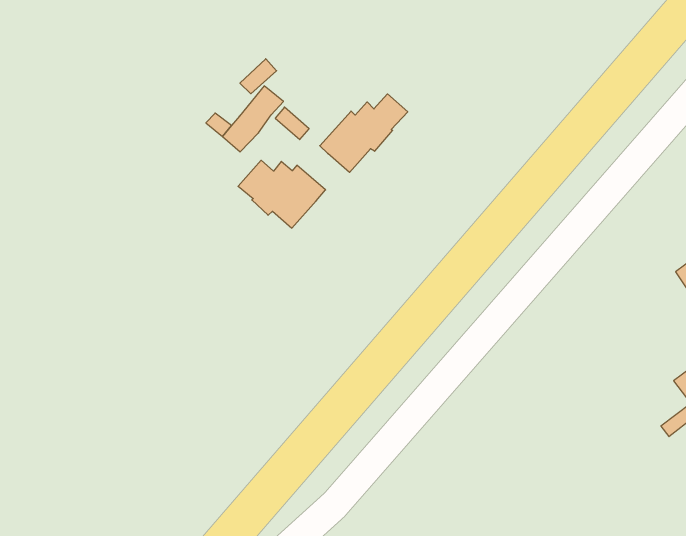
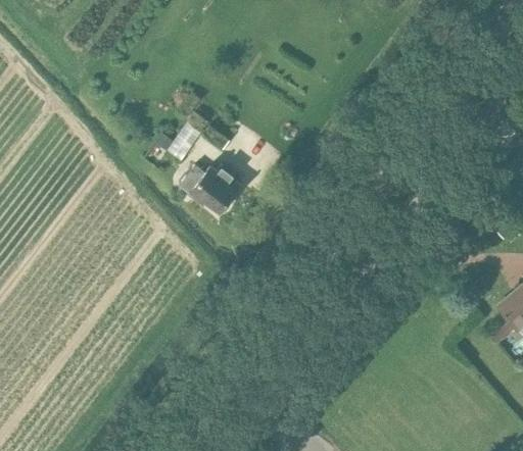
building: [320,94,408,172] -> none

